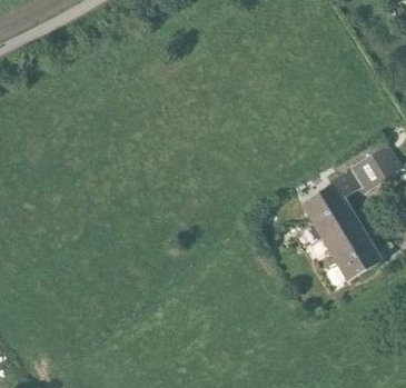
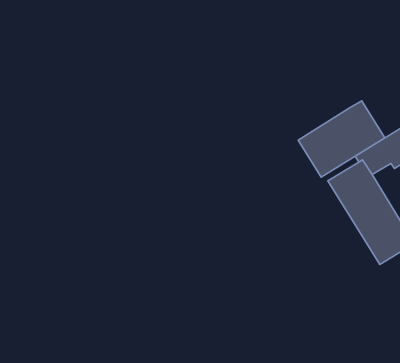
building: none -> [298,101,385,177]

